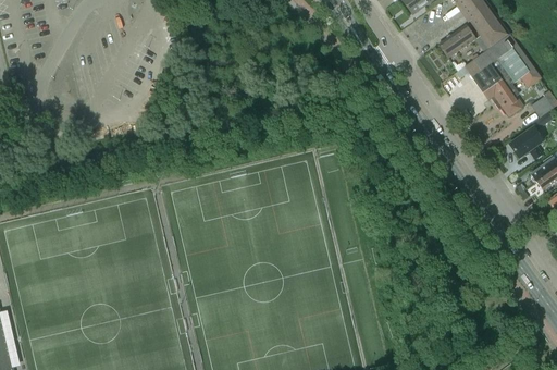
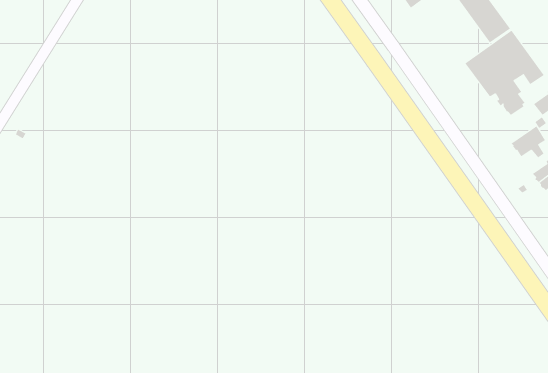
building: [437,25,474,57] -> none

